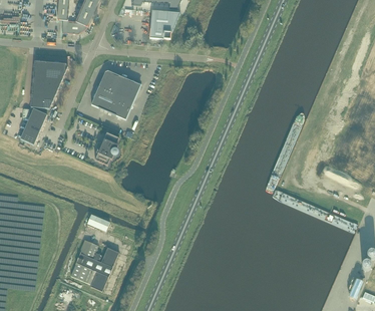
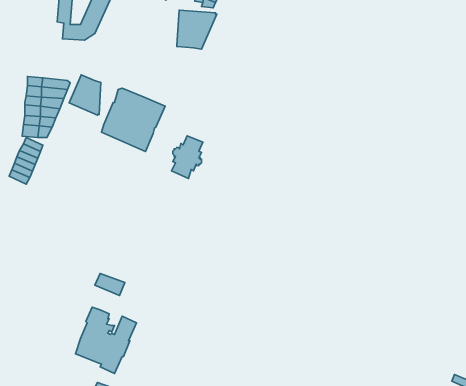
building: none -> [69,75,101,115]
building: [94,131,118,165] -> [172,136,203,179]

